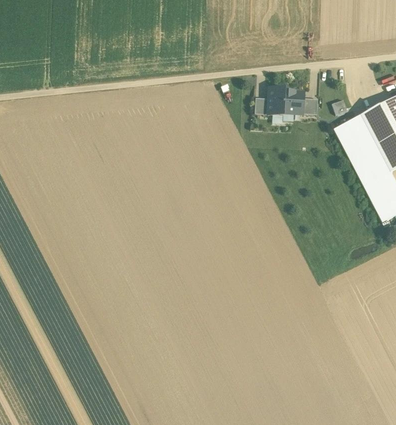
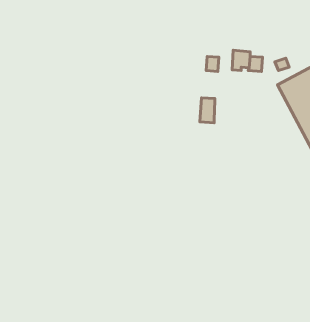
building: [267,87,284,115] -> [200,98,215,123]

